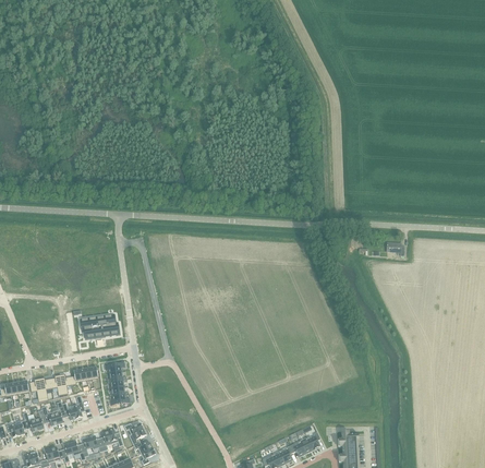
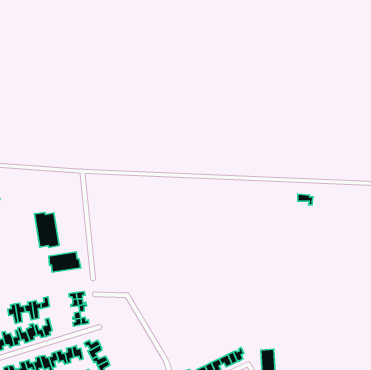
building: none -> [34,213,59,248]

